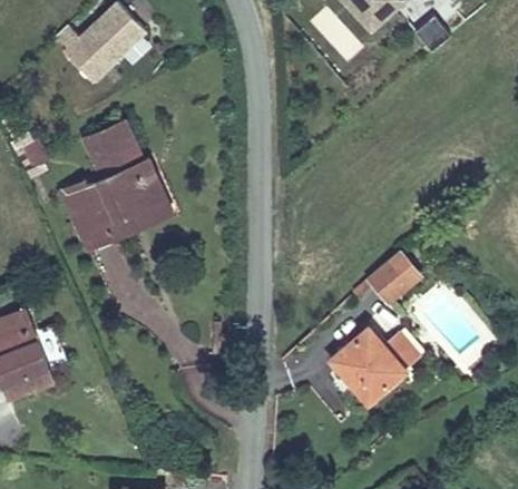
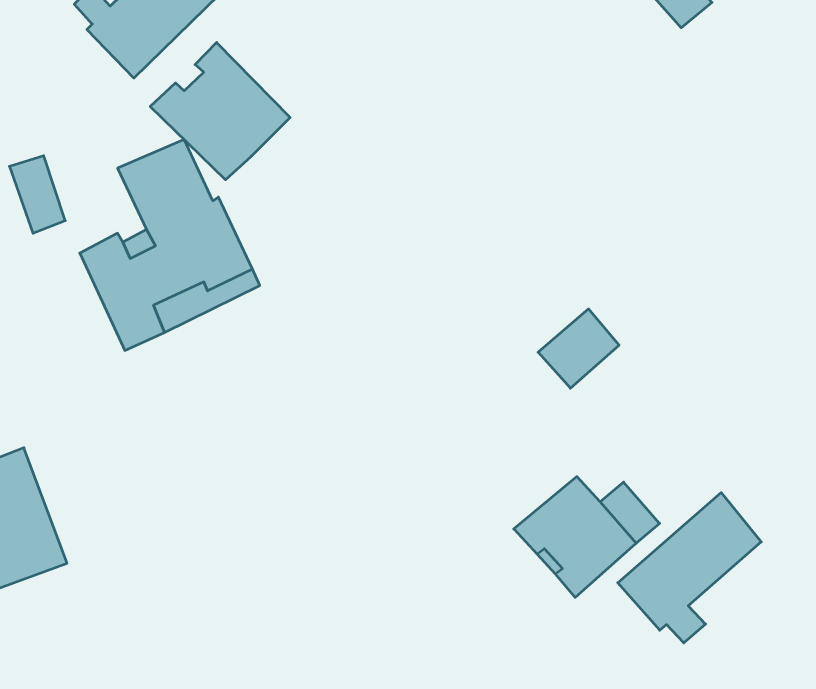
building: none -> [150,42,290,180]
building: [369,254,419,303] -> [538,309,619,388]
building: none -> [618,493,761,643]

